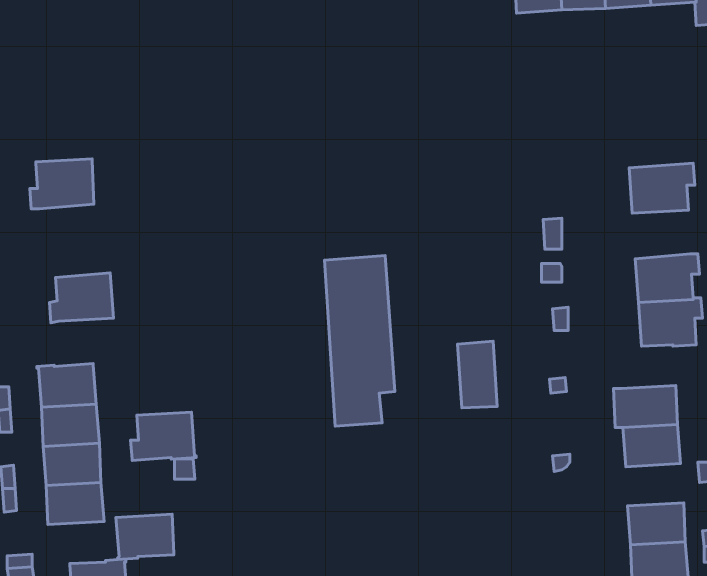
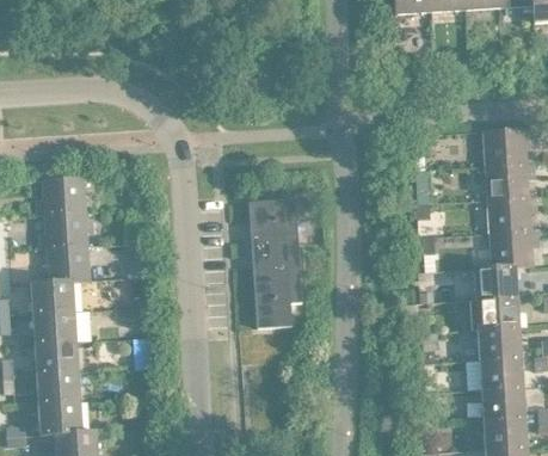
building: [30,159,94,209] -> [37,177,86,215]
building: none -> [485,162,534,201]
building: [458,341,497,408] -> none
building: none -> [474,266,518,300]
building: [131,412,196,461] -> [42,246,92,283]
building: none -> [480,357,524,389]
building: [116,514,174,560] -> [38,401,82,436]

